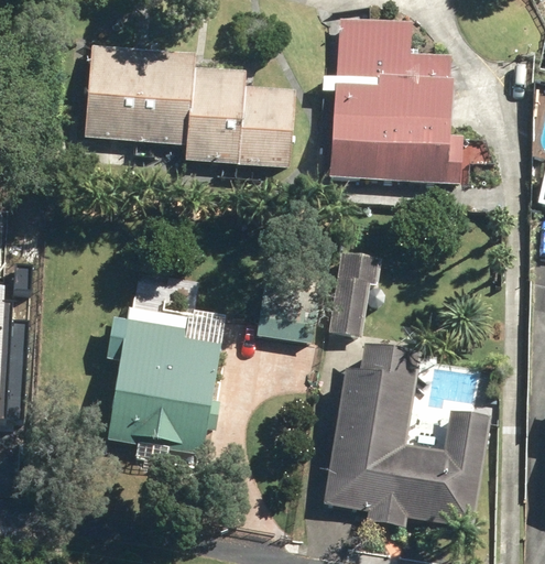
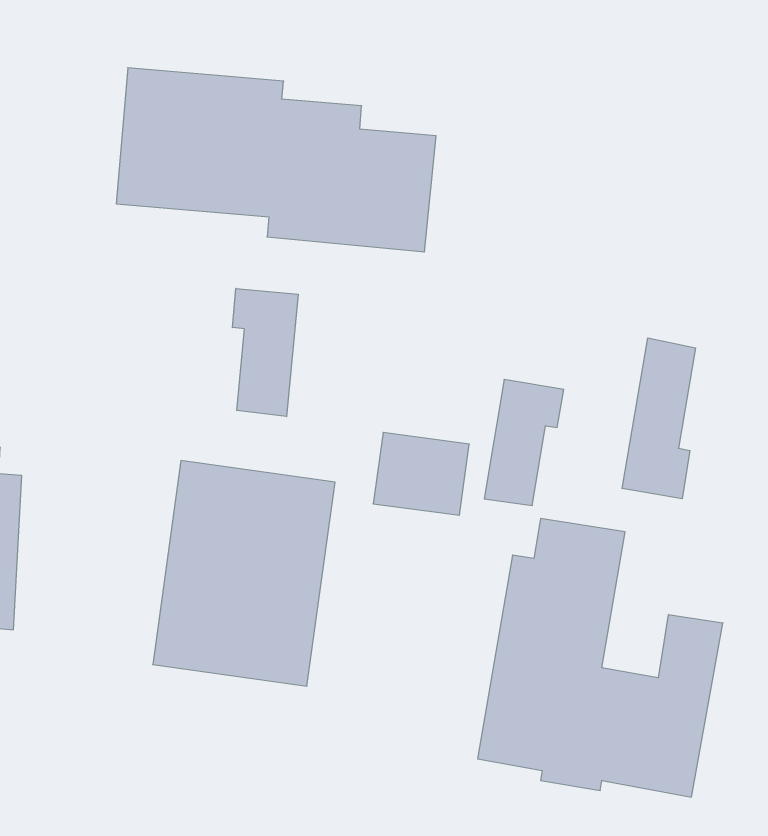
building: [321,17,465,184] -> none
building: none -> [232,288,298,417]
building: none -> [622,338,696,499]

